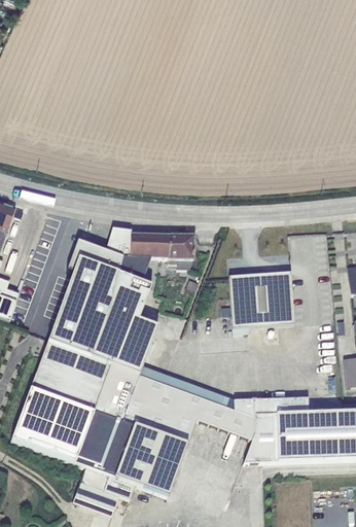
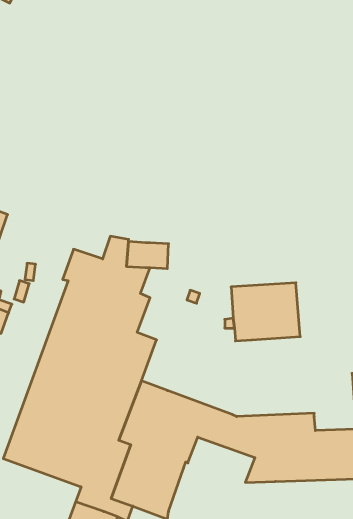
building: [168,234,193,268] -> none

